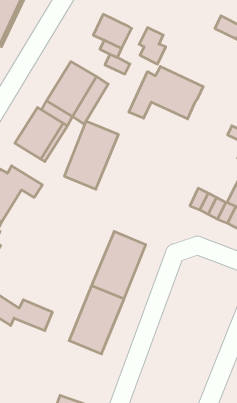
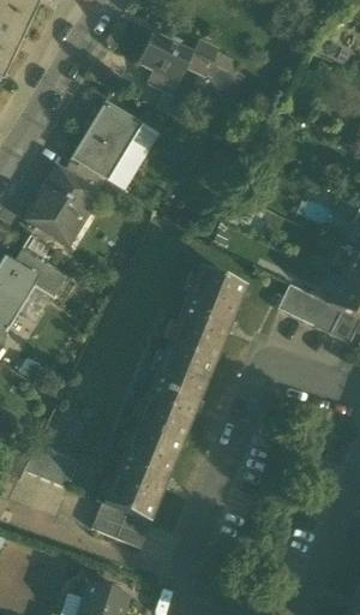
building: none -> [186,34,220,74]
building: [129,66,203,119] -> none
building: [64,121,118,189] -> [168,265,246,364]
building: none -> [91,501,151,548]

